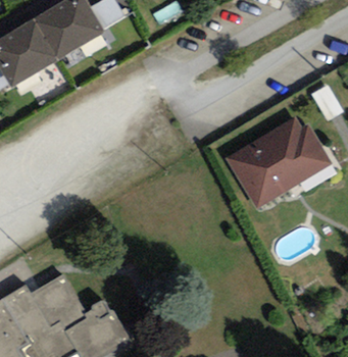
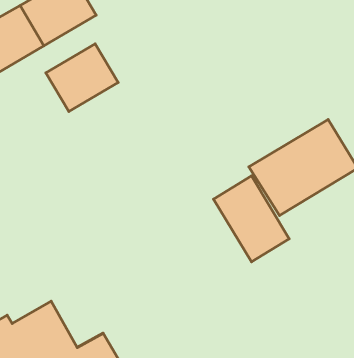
building: none -> [46,44,118,112]
building: none -> [214,176,289,262]

